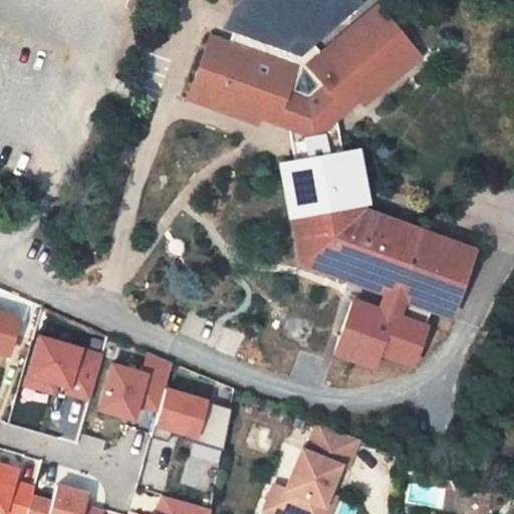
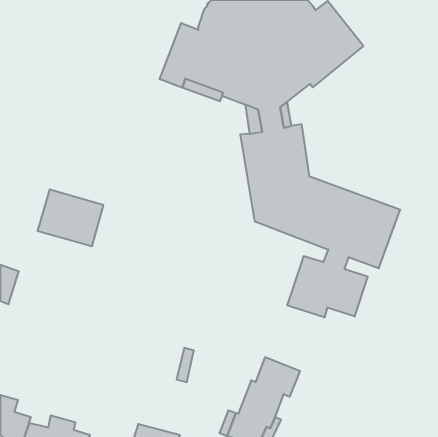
building: [26,336,103,403] -> [37,190,103,246]
building: [98,357,172,423] -> none
building: [159,390,209,441] -> none

